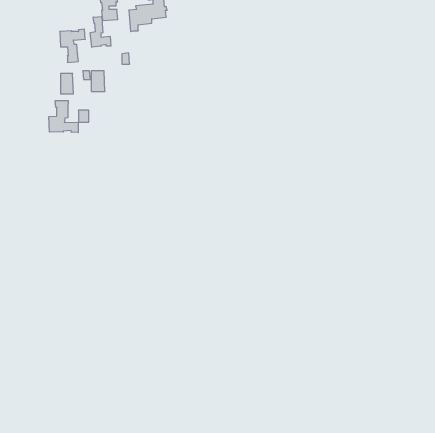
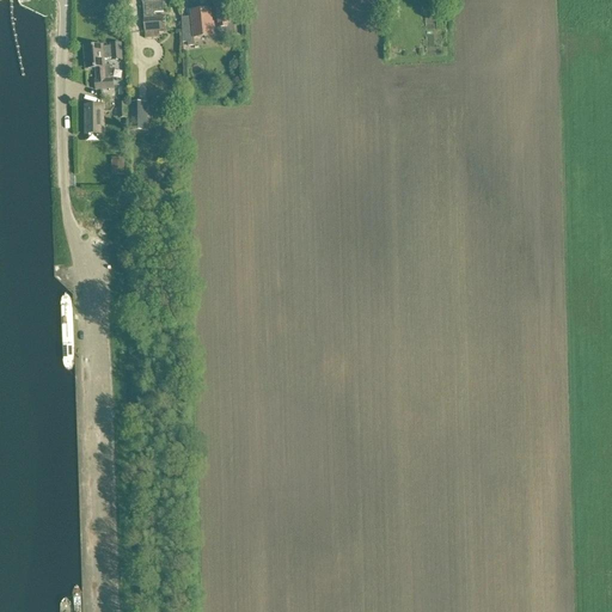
building: [90,16,111,47] -> none
building: [49,101,78,133] -> none

